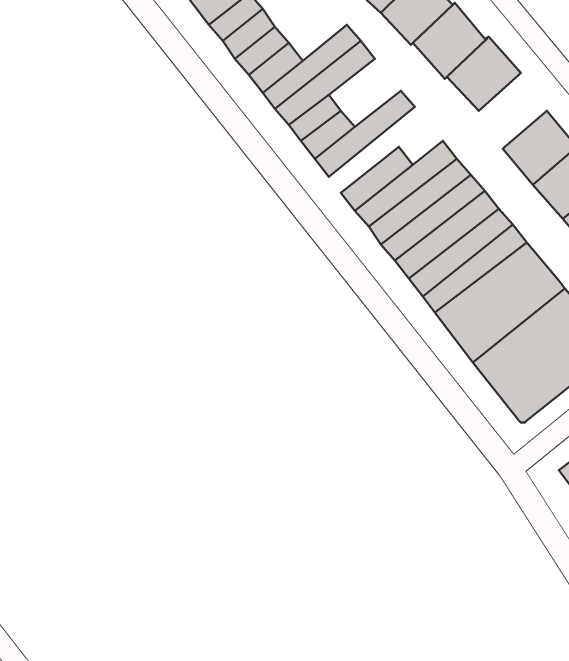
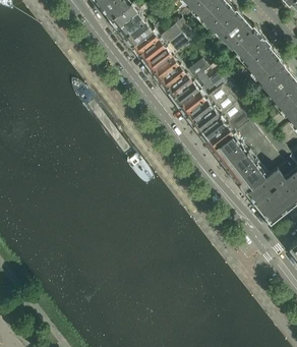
building: none -> [246,47,284,83]
building: none -> [172,63,230,107]

